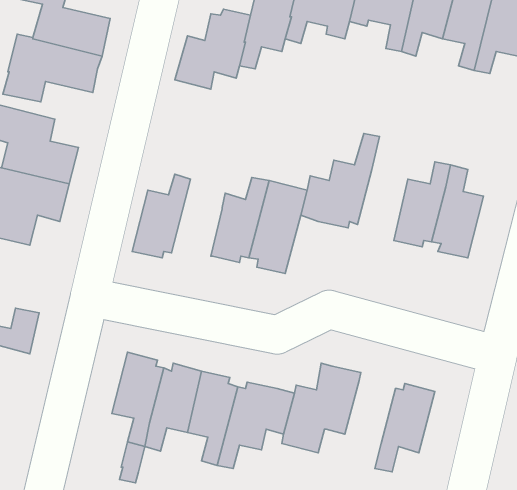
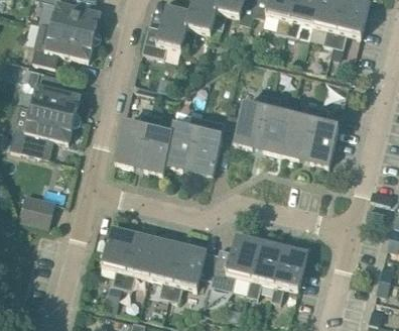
building: none -> [259,88,291,154]
building: none -> [140,115,172,174]
building: none -> [247,241,285,297]

